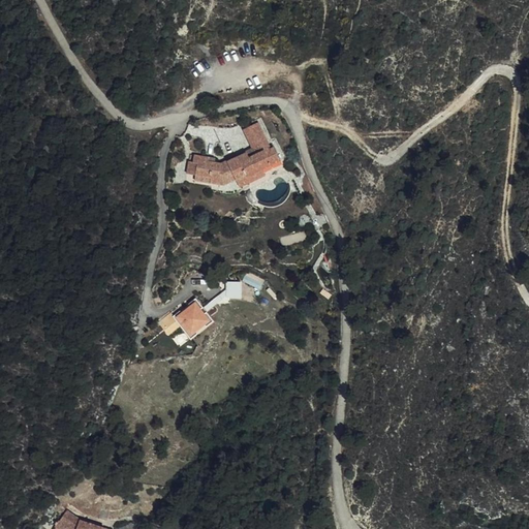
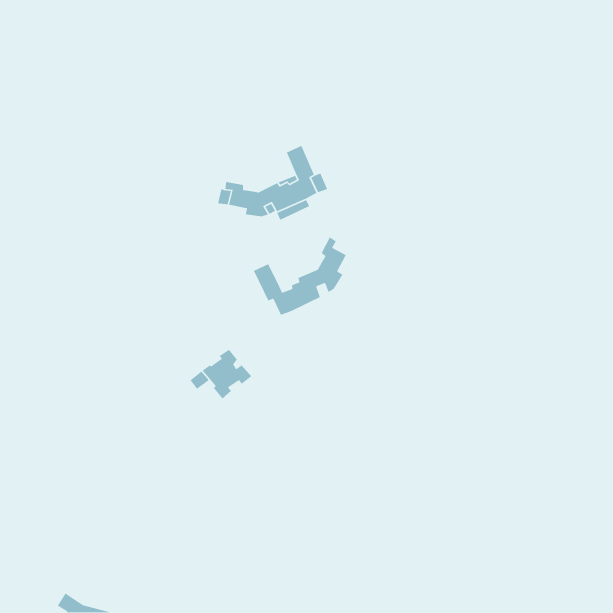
building: none -> [253,236,347,316]

